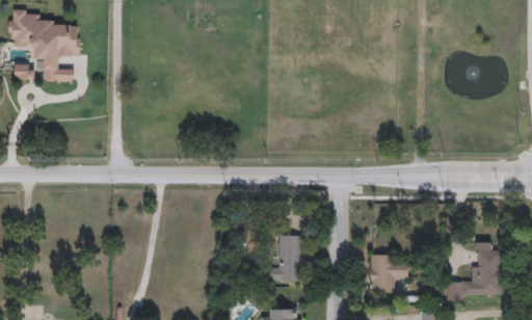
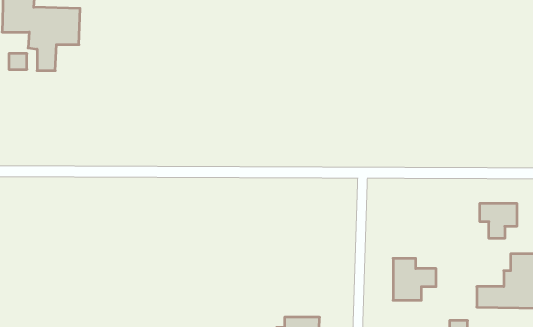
building: none -> [480,203,517,238]
building: [267,234,304,281] -> none

